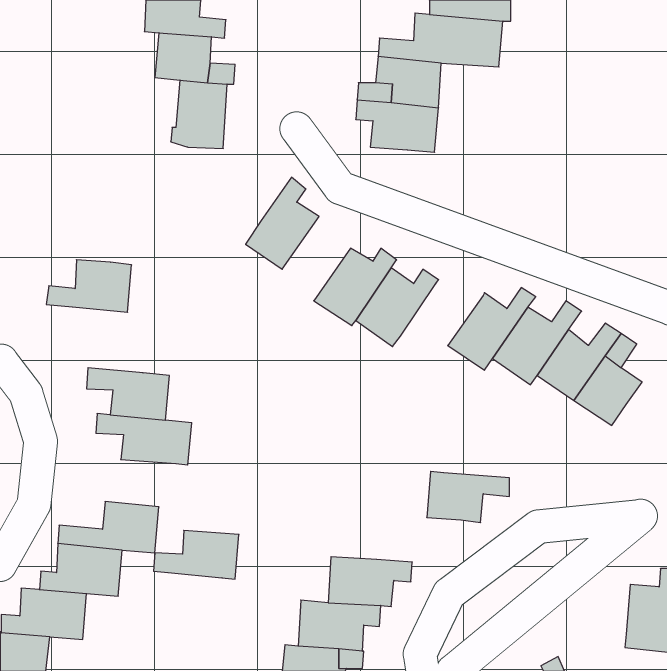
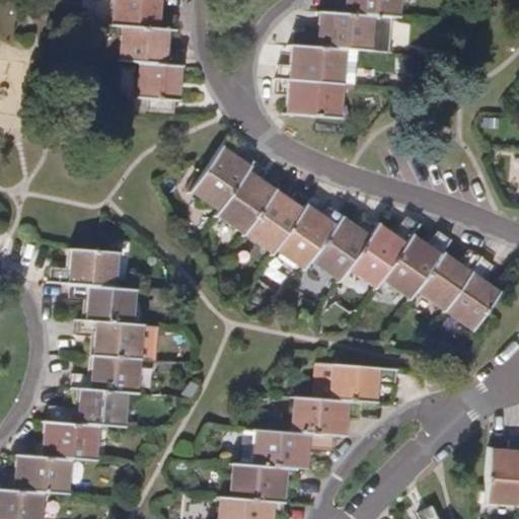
building: none -> [218,161,274,232]
building: [46,260,132,312] -> [51,247,117,288]
building: none -> [312,219,376,279]
building: none -> [294,396,359,436]
building: [154,530,239,579] -> [73,355,139,392]

